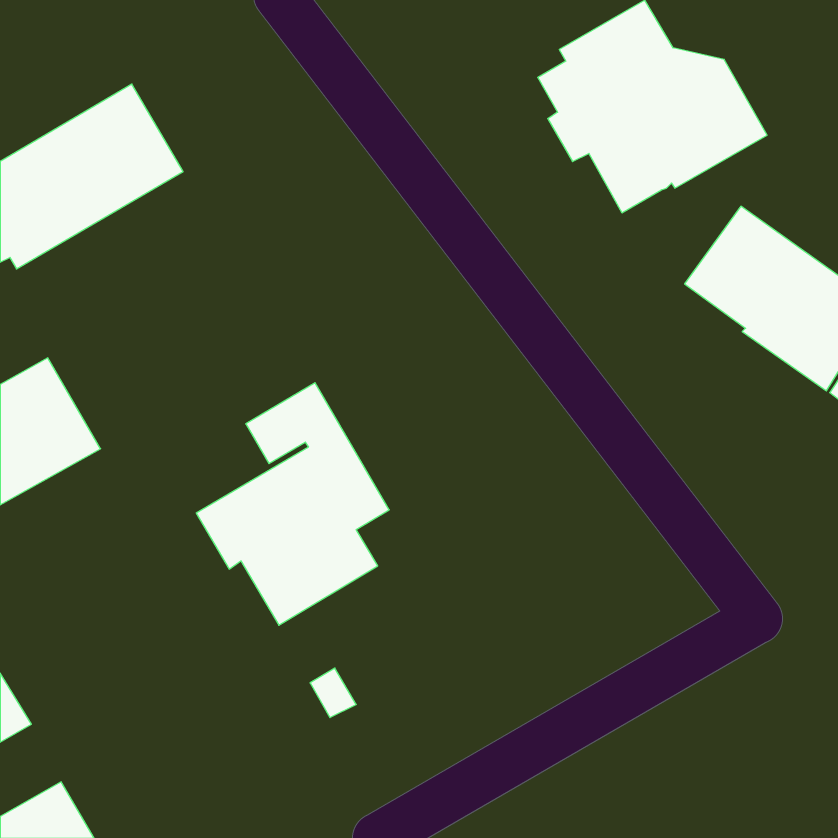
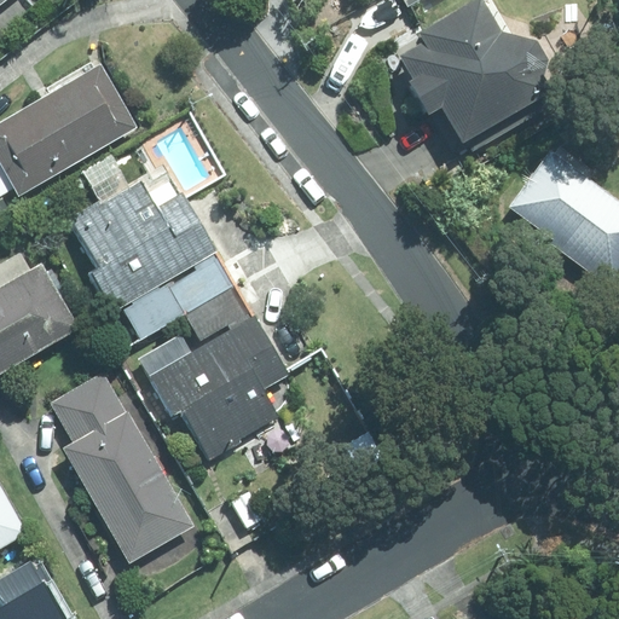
building: none -> [66,169,235,336]
building: none -> [48,371,191,565]

